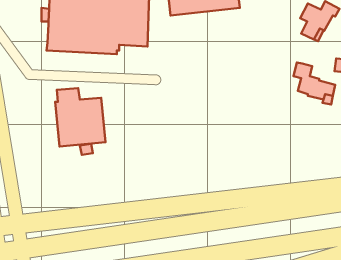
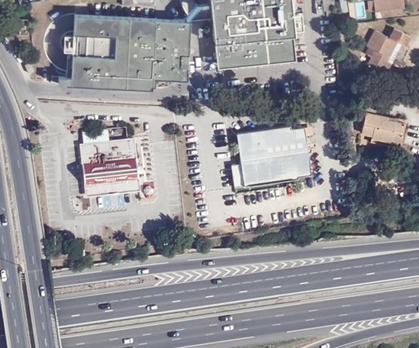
building: none -> [215,35,296,65]
building: none -> [236,130,310,192]

